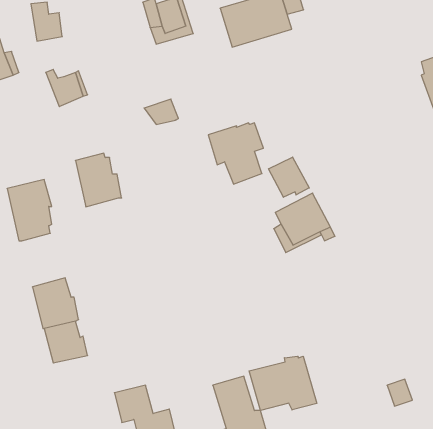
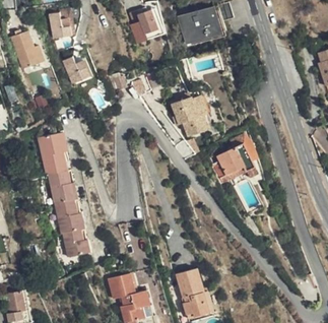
building: [75,153,122,207] -> [46,170,77,206]
building: [269,157,309,197] -> none
building: [249,356,317,411] -> none

